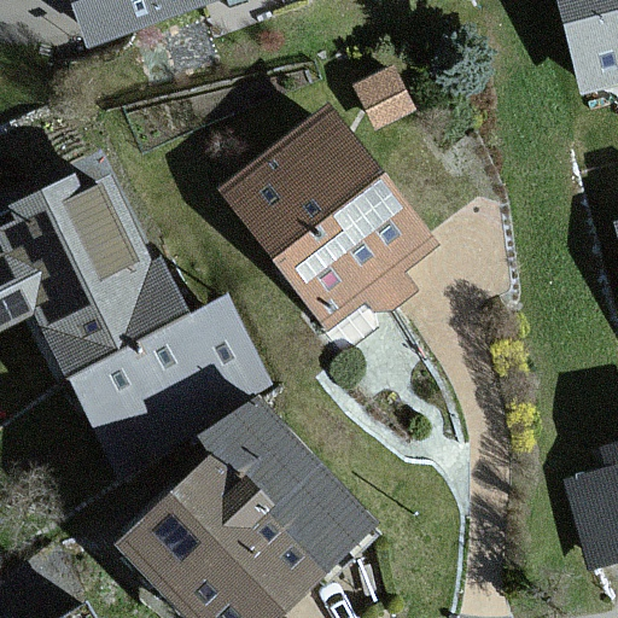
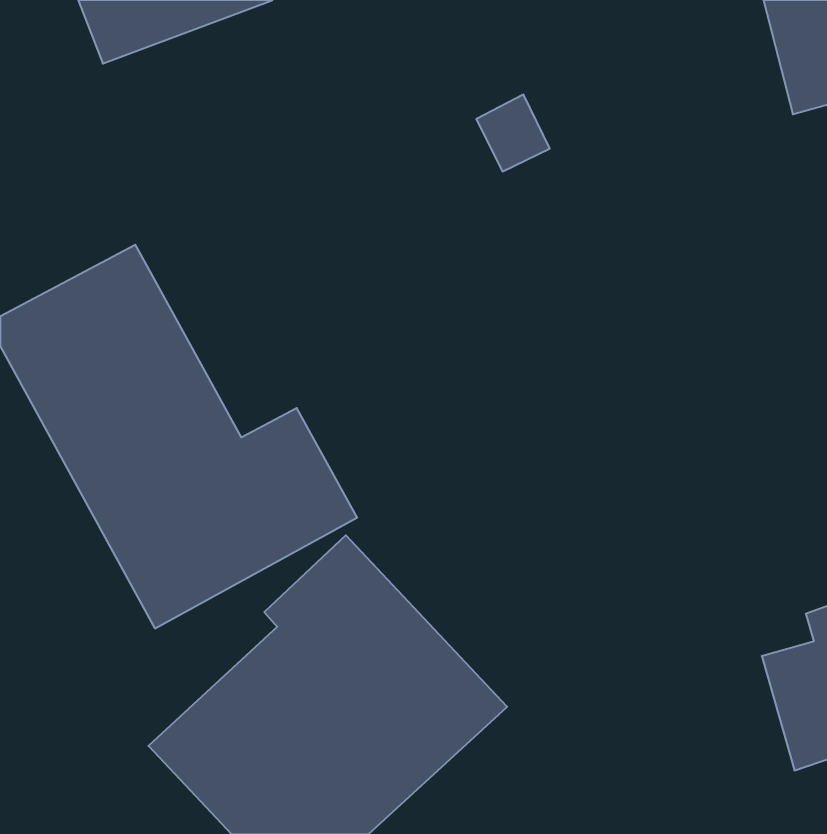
building: [217,110,428,325] -> none

